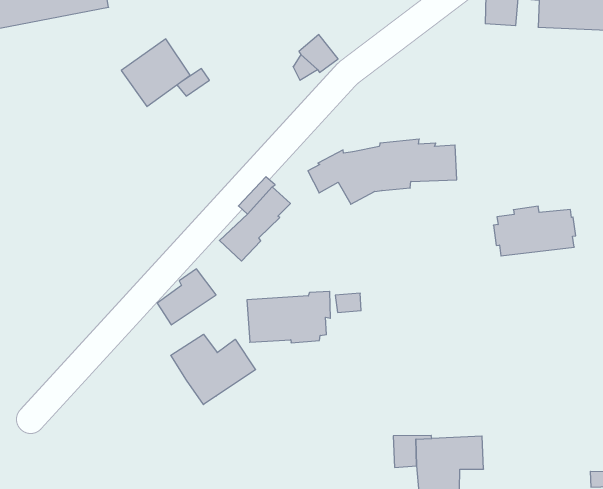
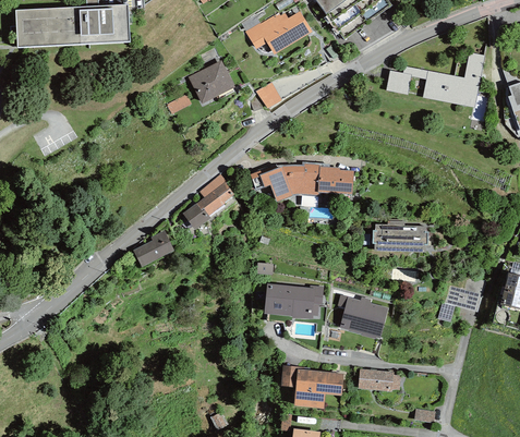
building: [121,39,190,107] -> [188,59,234,104]
building: [247,291,330,343] -> [264,283,324,318]
building: none -> [337,293,388,339]
building: [171,334,256,405] -> none
building: none -> [358,367,400,391]

